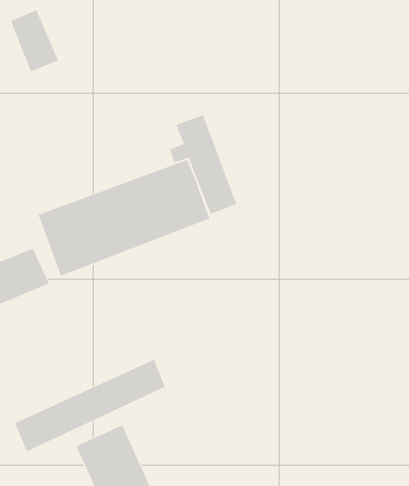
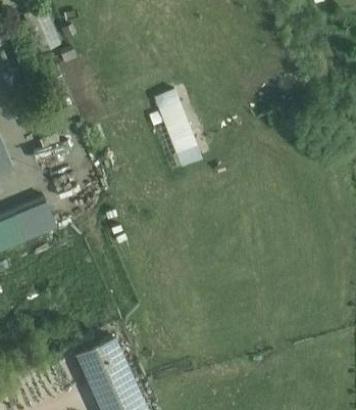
building: [38,159,210,276] -> none
building: [14,359,166,452] -> none

